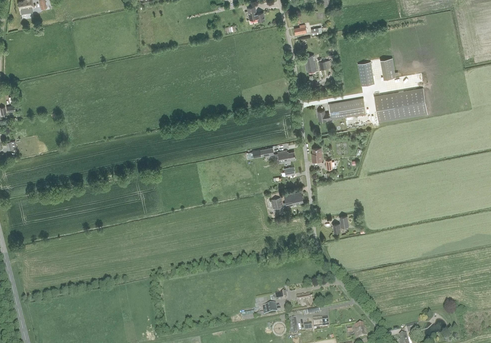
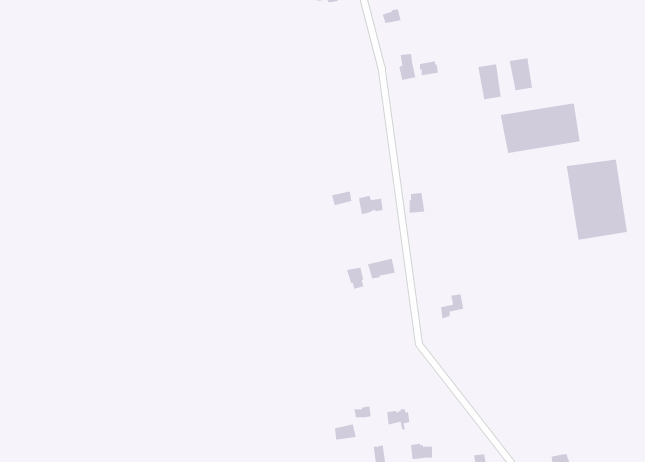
building: [318,98,366,121] -> none
building: none -> [566,159,628,241]

